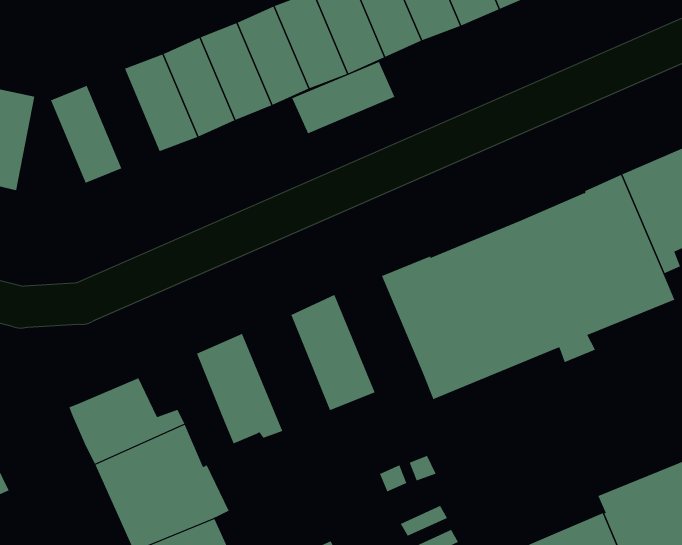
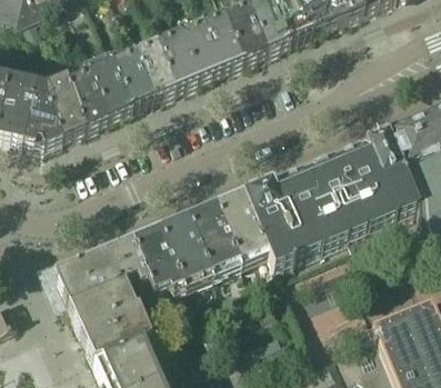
building: [292,61,395,134] -> none
building: none -> [69,66,112,126]
building: none -> [27,82,68,143]
building: none -> [218,190,270,260]
building: none -> [162,213,214,283]
building: none -> [100,237,151,282]

